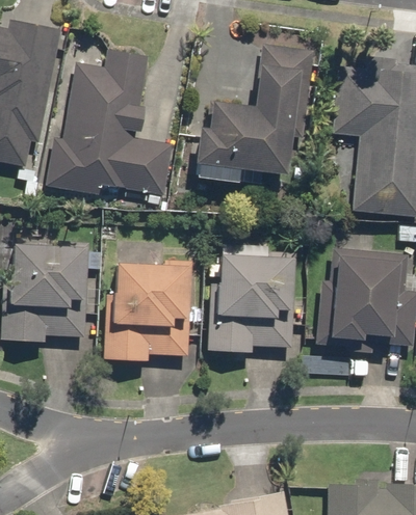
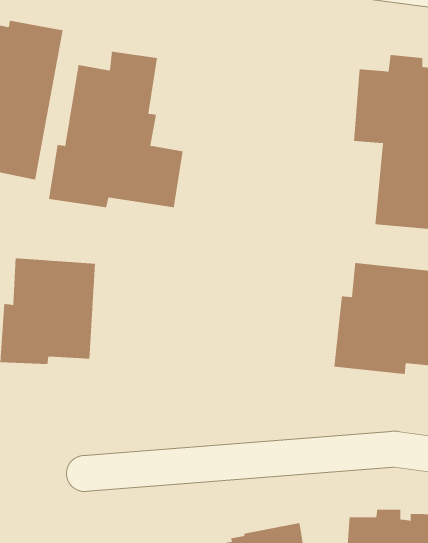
building: [196,45,314,185] -> none
building: [207,251,297,352] -> none
building: [101,259,193,360] -> none

